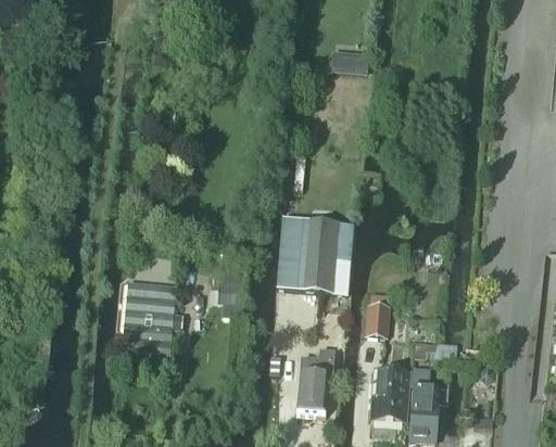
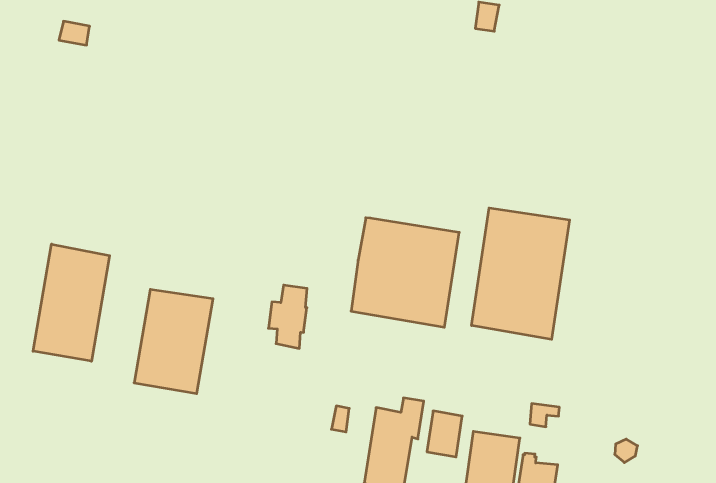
building: none -> [472,208,570,339]
building: none -> [33,244,110,361]
building: [366,305,390,337] -> [427,411,462,457]

